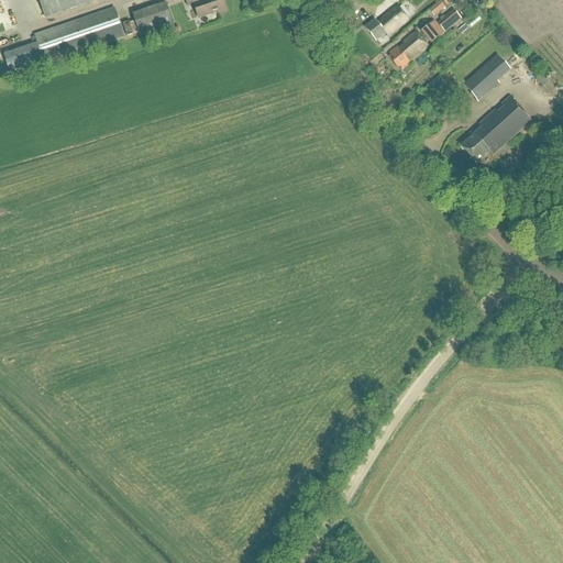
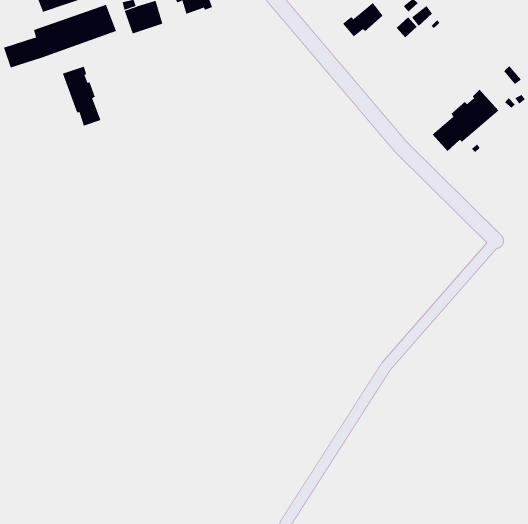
building: [389,27,429,66] -> none
building: [464,52,510,98] -> none
building: none -> [62,66,101,127]

